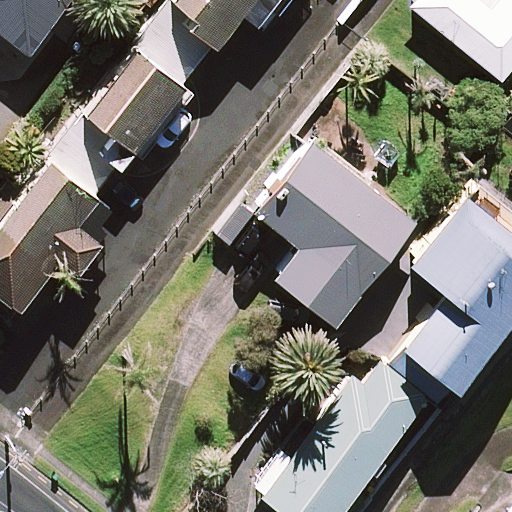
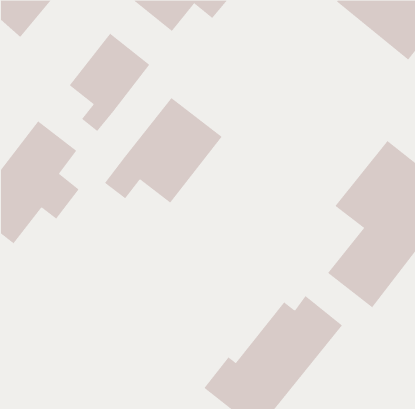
building: [257,119,414,324] -> none
building: none -> [104,97,222,203]

